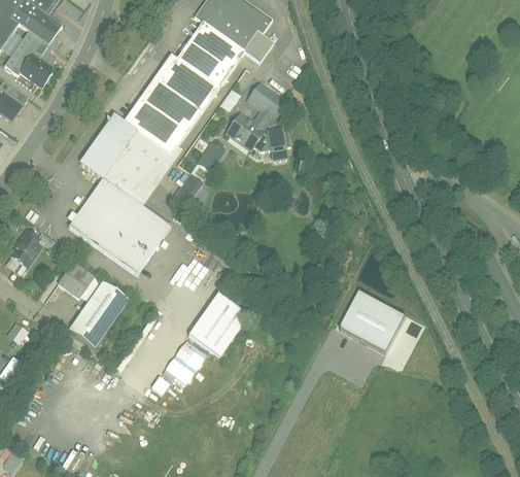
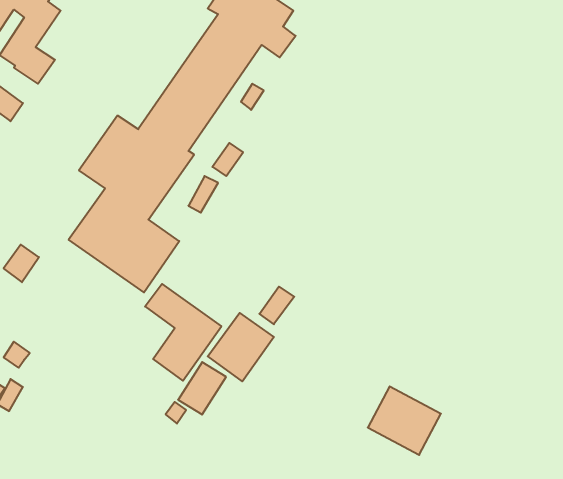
building: [226,80,290,161] -> none
building: [60,260,129,347] -> [145,284,221,381]
building: none -> [259,287,294,324]
building: [340,289,406,351] -> [368,386,441,455]

